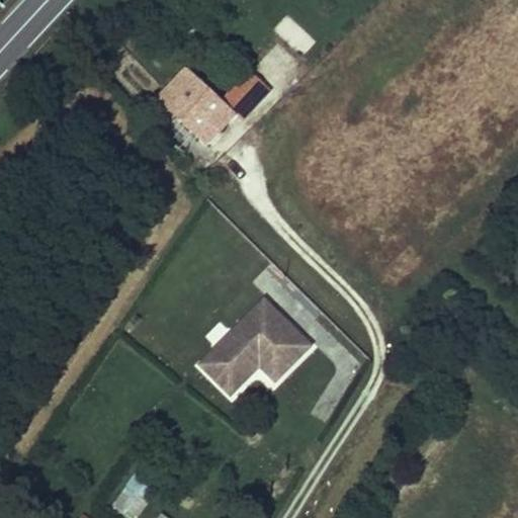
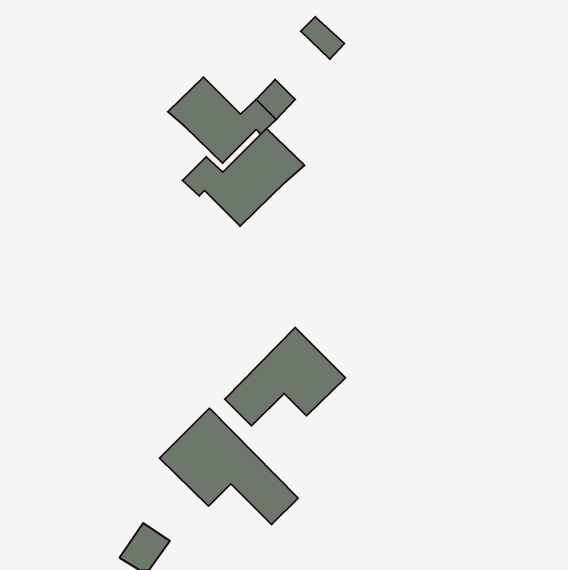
building: none -> [182,129,305,226]
building: none -> [160,408,298,525]

